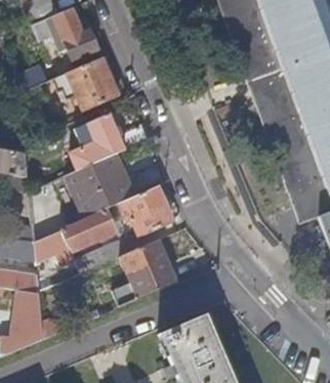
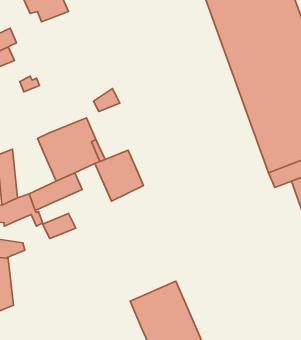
building: [52,53,119,110] -> none
building: [71,114,124,169] -> none
building: [111,239,175,306] -> none

